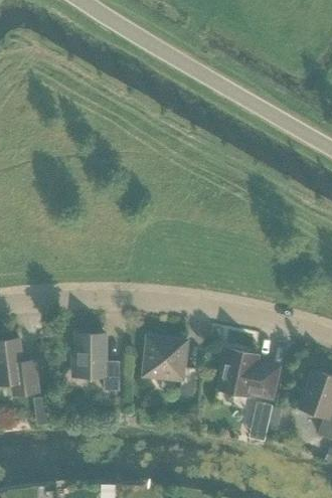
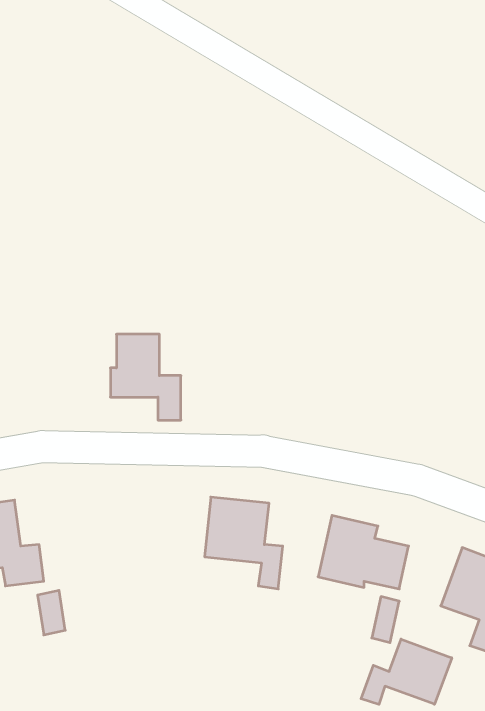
building: [72,334,119,390] -> [110,334,181,420]
building: none -> [361,639,452,704]

